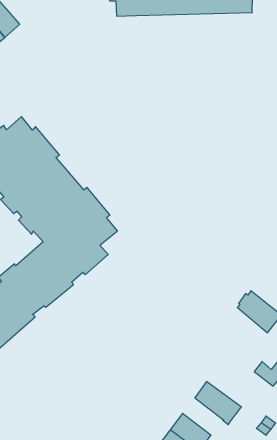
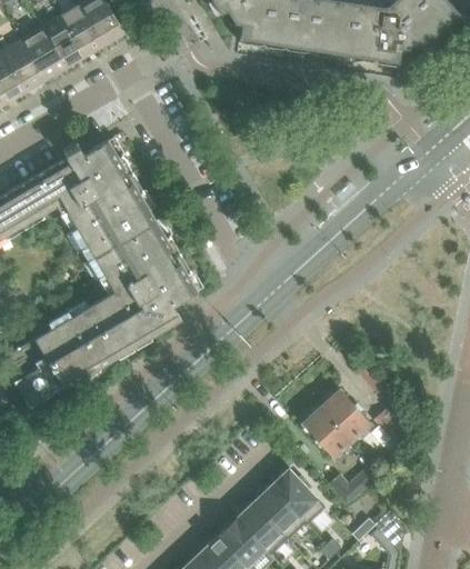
building: none -> [302,406,351,458]
building: none -> [270,468,326,526]
building: none -> [236,502,282,549]

